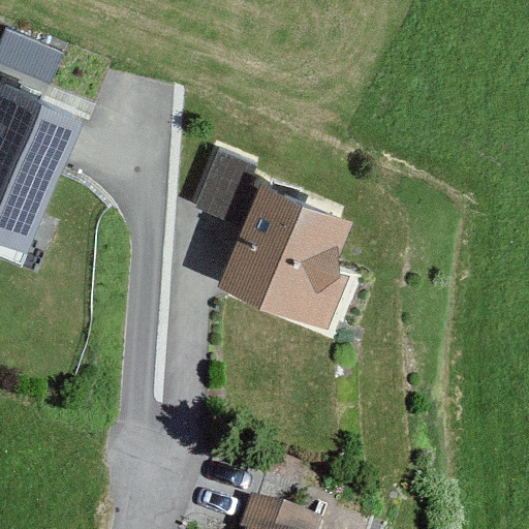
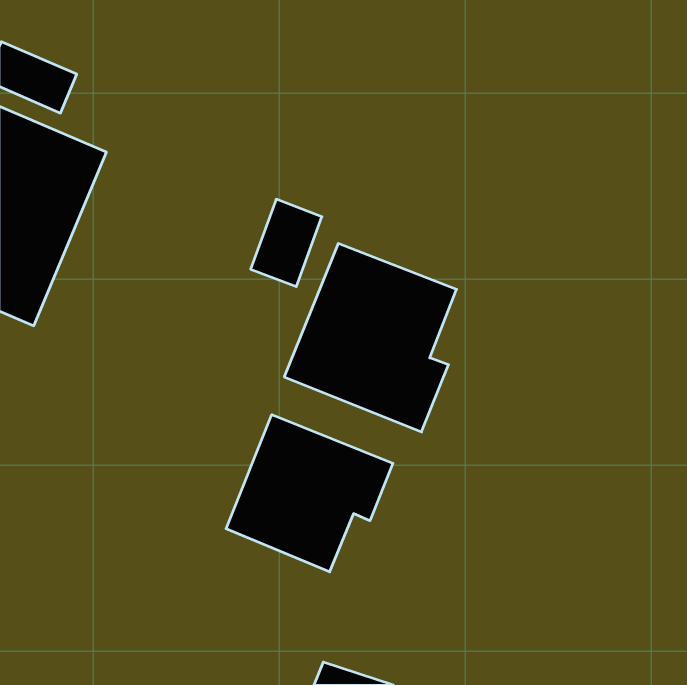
building: none -> [226,415,393,572]

